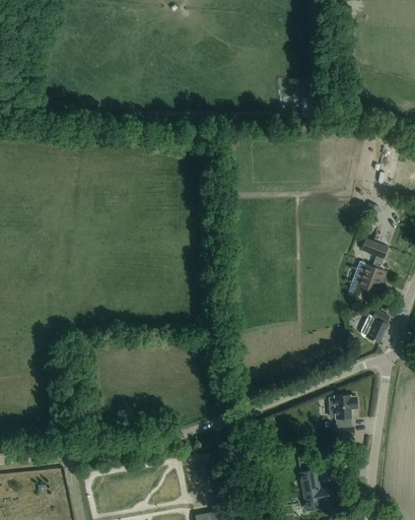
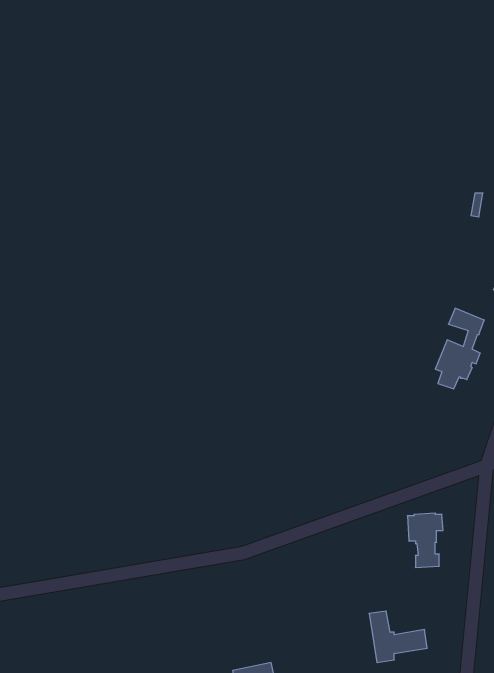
building: [360,310,389,342] -> none

